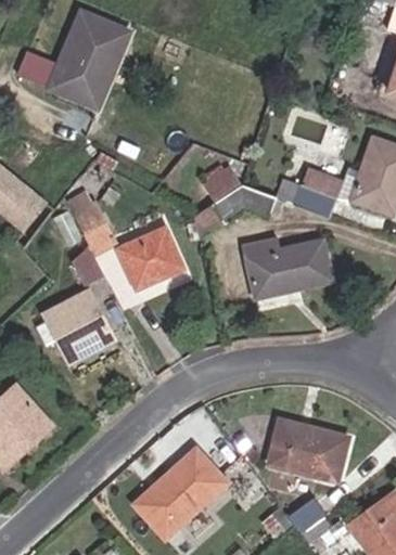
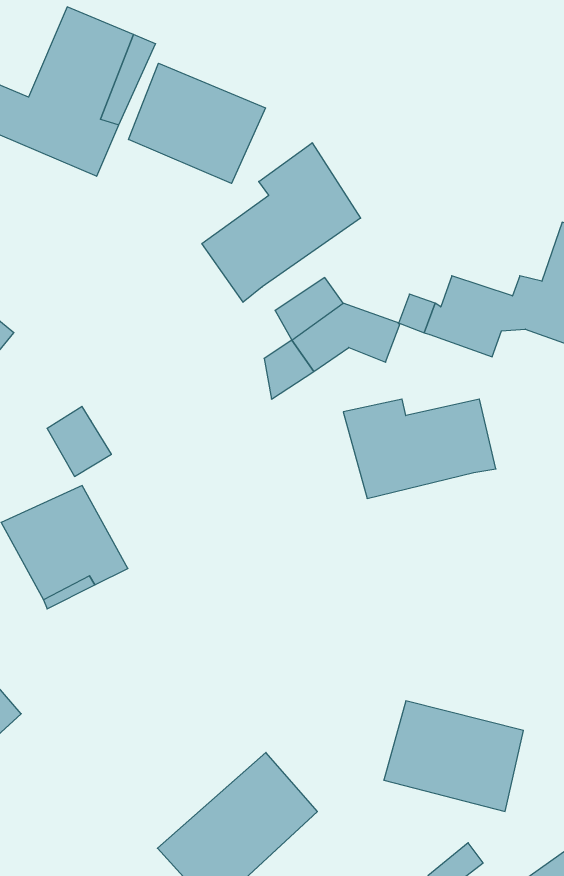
building: none -> [129,63,265,183]
building: none -> [202,143,361,302]
building: [68,194,114,254] -> none
building: [117,229,182,291] -> none

